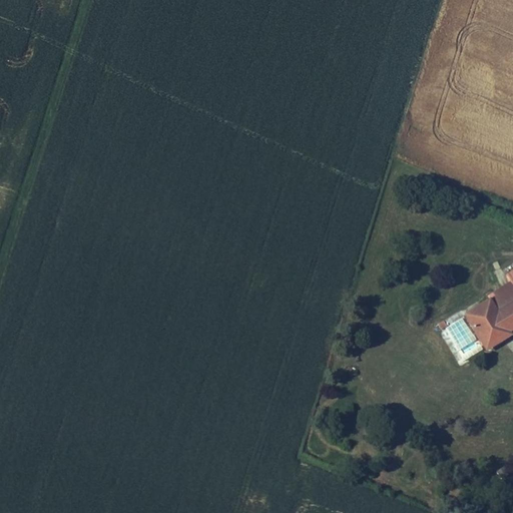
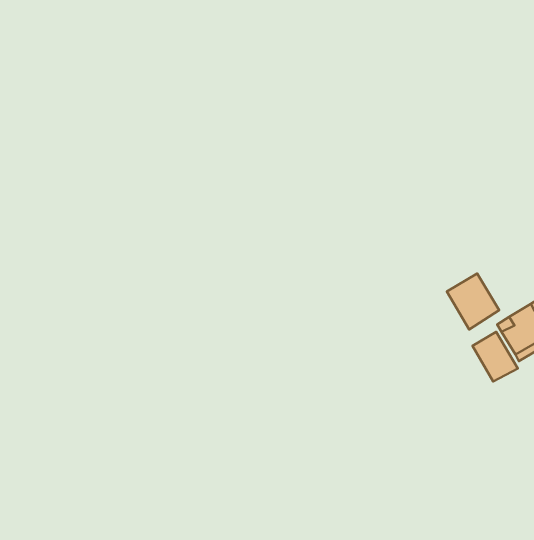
building: none -> [447,274,499,330]

